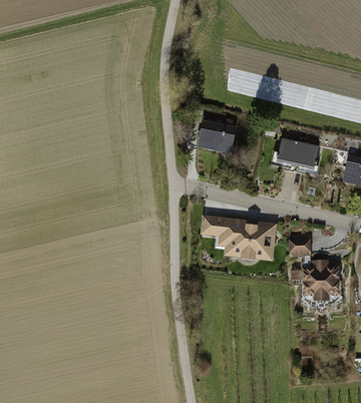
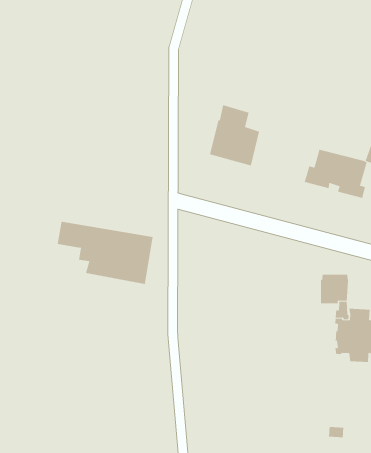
building: [201,216,275,261] -> [57,221,154,284]

